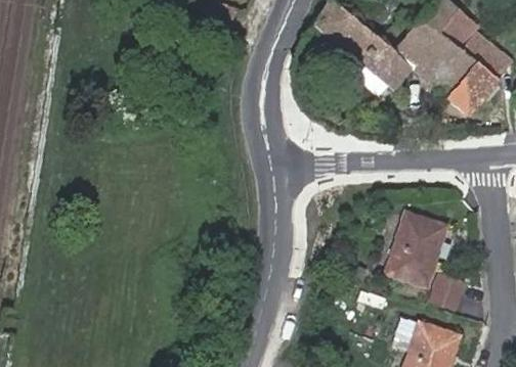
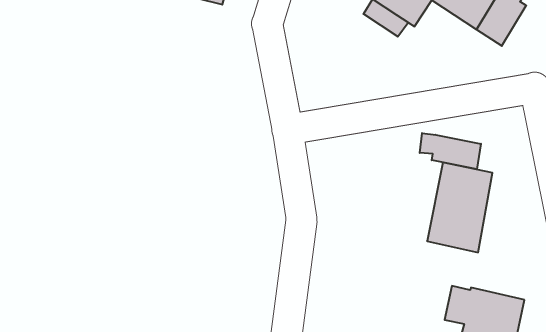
building: none -> [420,133,481,169]
building: [431,275,468,313] -> none

